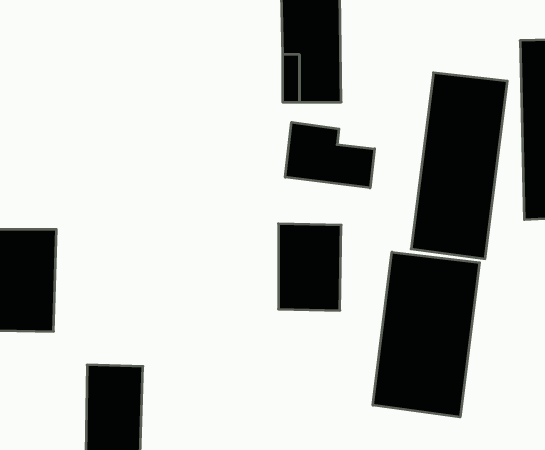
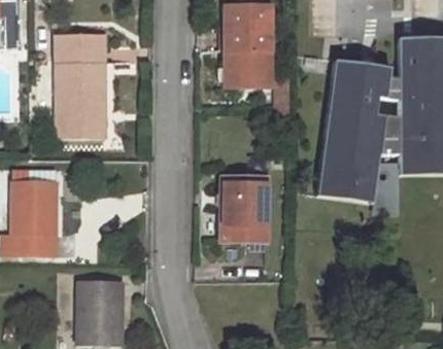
building: none -> [56,34,104,138]
building: [285,122,375,188] -> none
building: [373,252,480,417] -> none

